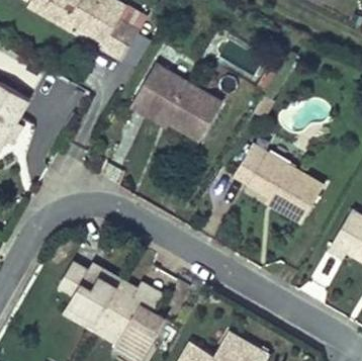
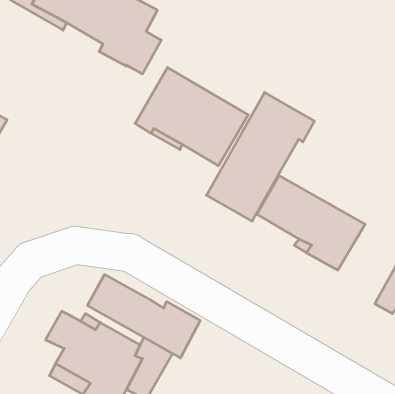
building: none -> [206,92,314,221]
building: none -> [88,275,200,358]

